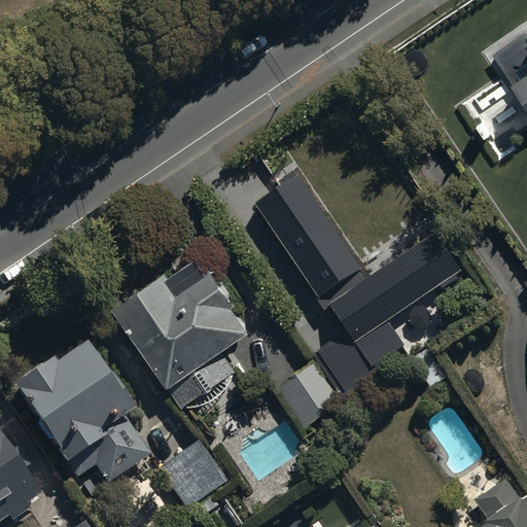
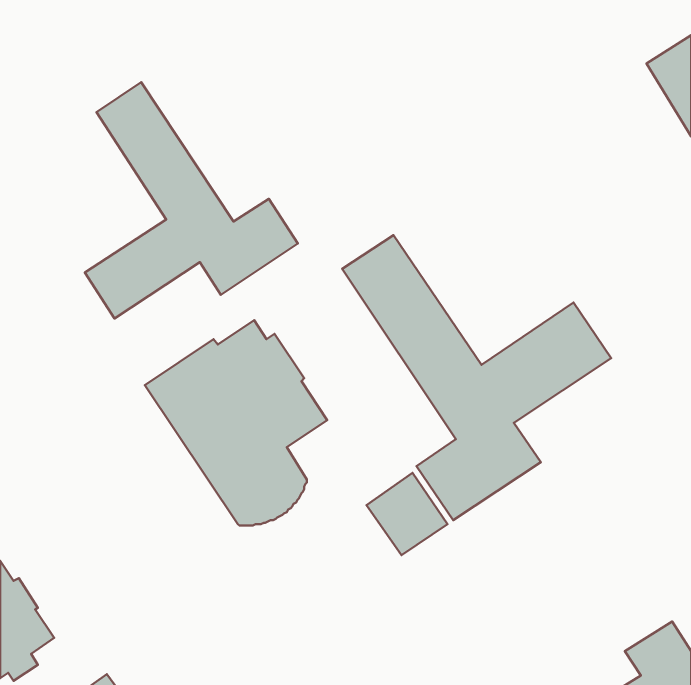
building: none -> [85,82,298,319]
building: [14,335,146,477] -> none
building: [155,438,227,511] -> none

